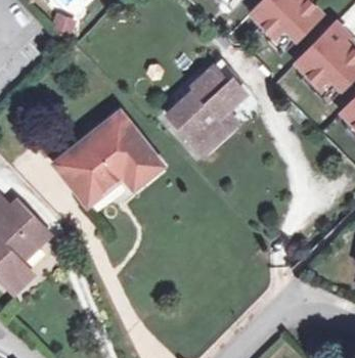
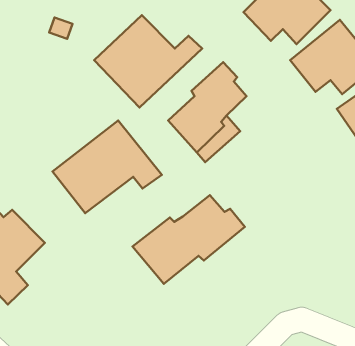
building: none -> [94,15,202,107]
building: none -> [133,195,245,284]

